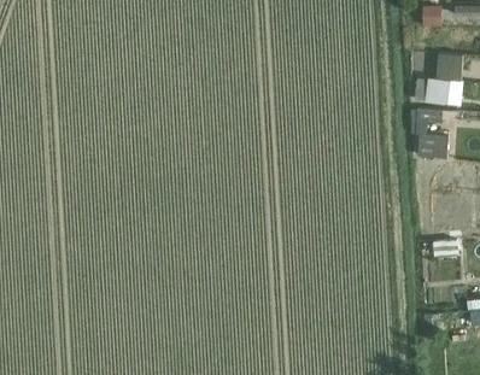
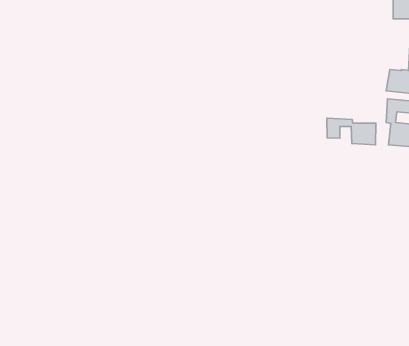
building: none -> [327,118,376,145]

